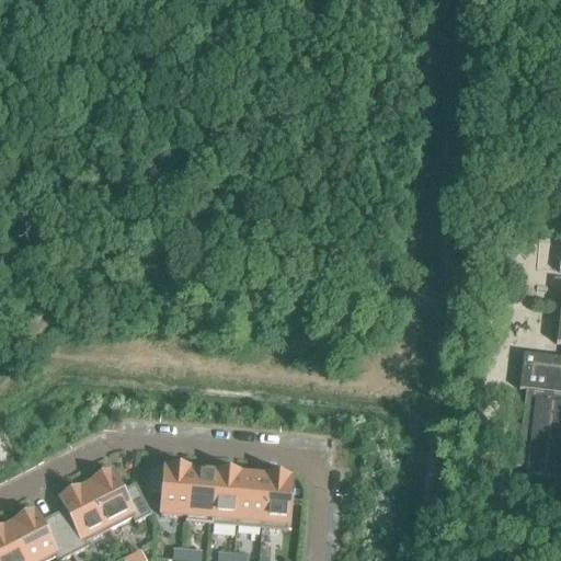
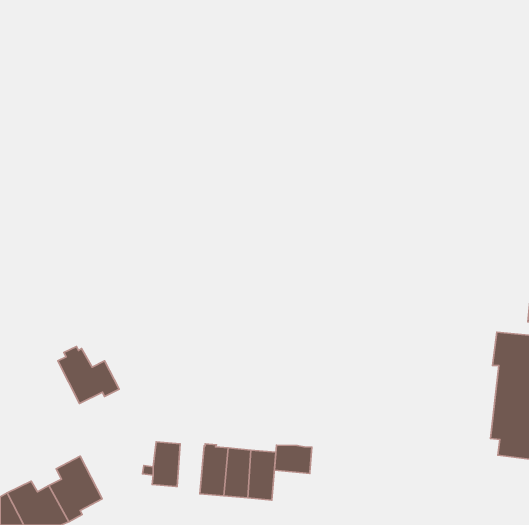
building: [88,465,152,525] -> [58,346,119,404]
building: [187,467,218,519] -> none
building: none -> [275,445,312,473]

